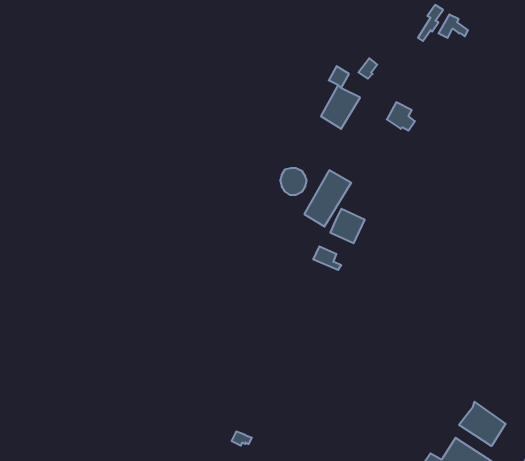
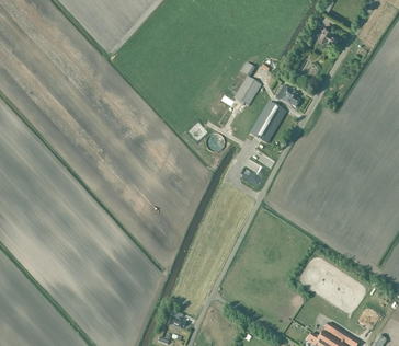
building: [304,170,351,227] -> [252,103,285,142]
building: [459,402,506,446] -> none

